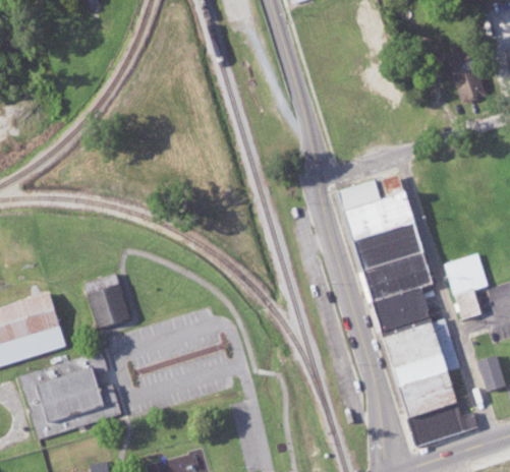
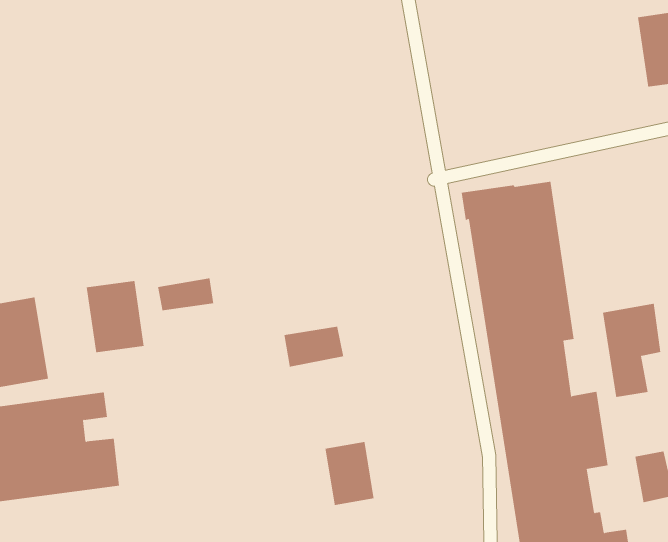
building: none -> [157,278,214,311]
building: none -> [284,326,344,368]
building: none -> [325,441,374,506]

